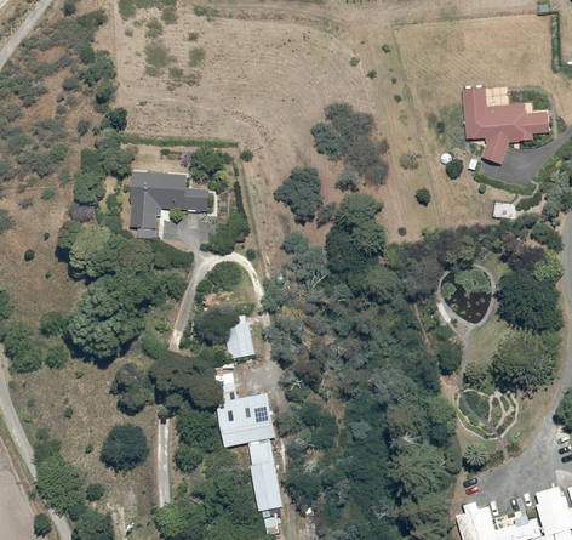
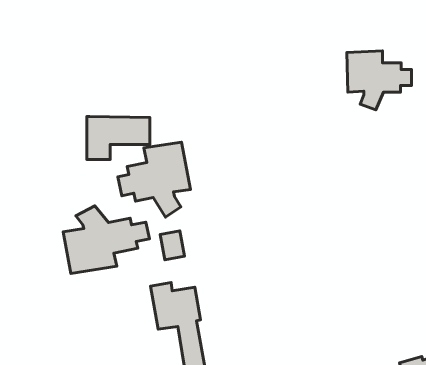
building: none -> [118,142,190,217]
building: none -> [63,206,149,273]

